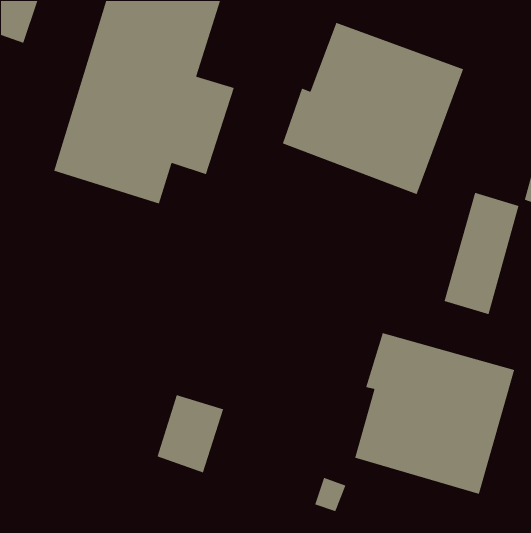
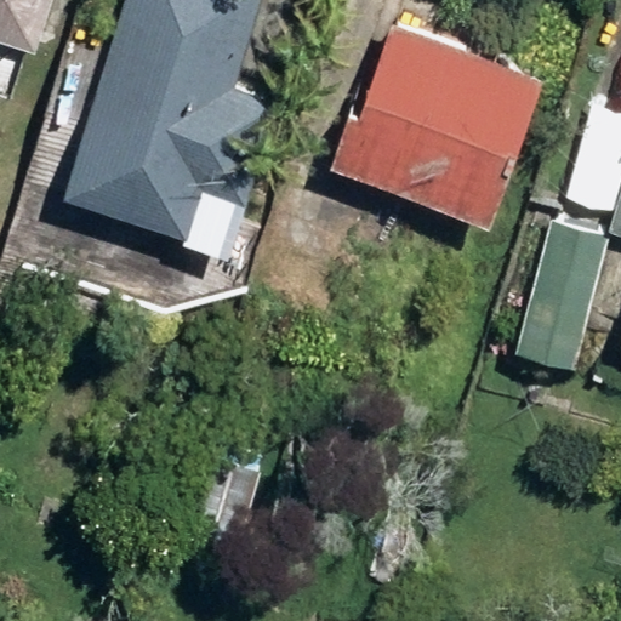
building: [354,332,515,495] -> none

